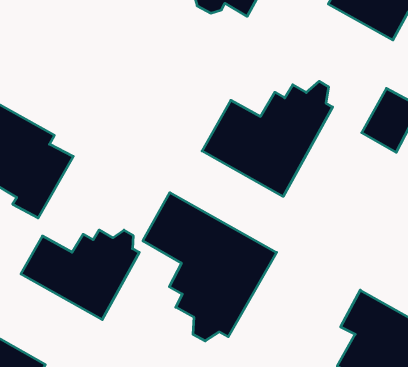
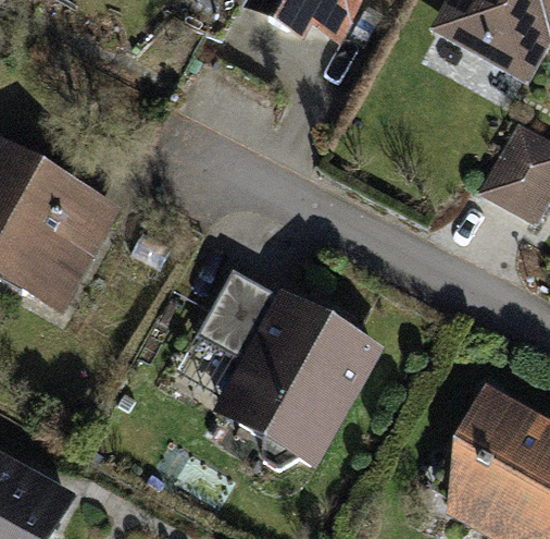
building: [202,81,333,196] -> none
building: [21,230,139,320] -> none

